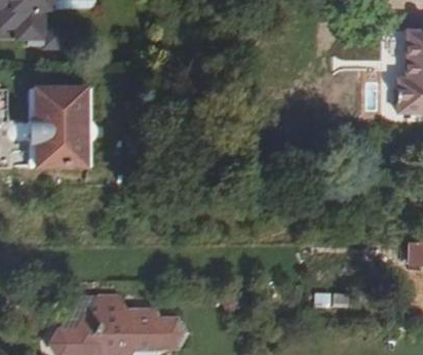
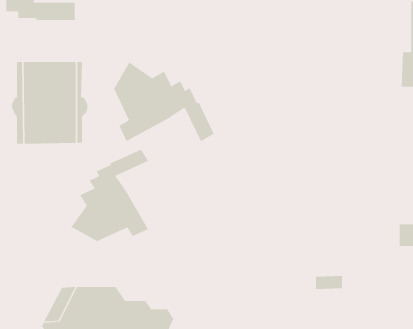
building: none -> [113,62,214,142]
building: none -> [71,149,149,242]

